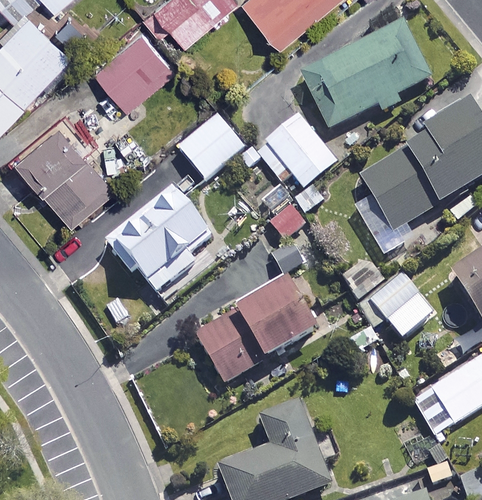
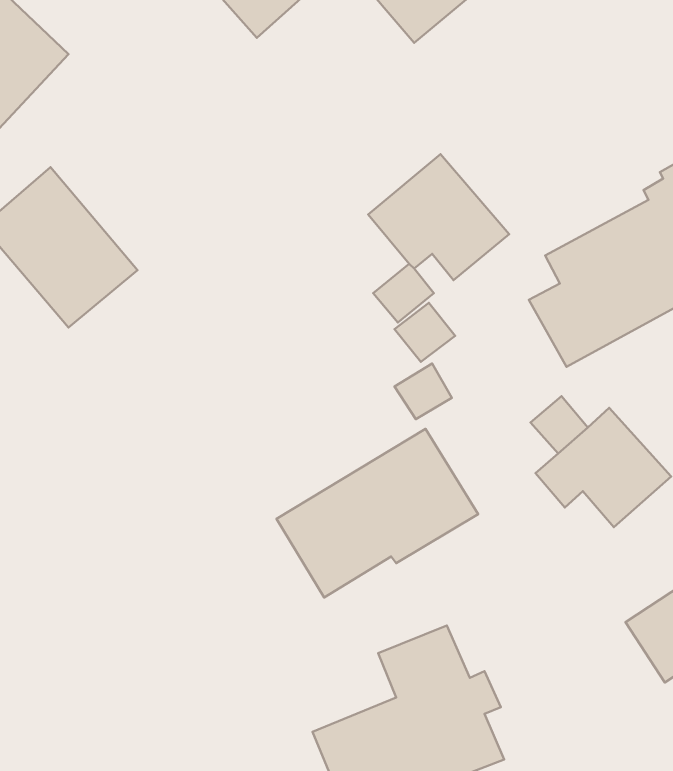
building: [302,22,432,128] -> none
building: [95,29,171,103] -> none
building: [177,112,243,178] -> none
building: [105,184,211,290] -> none

